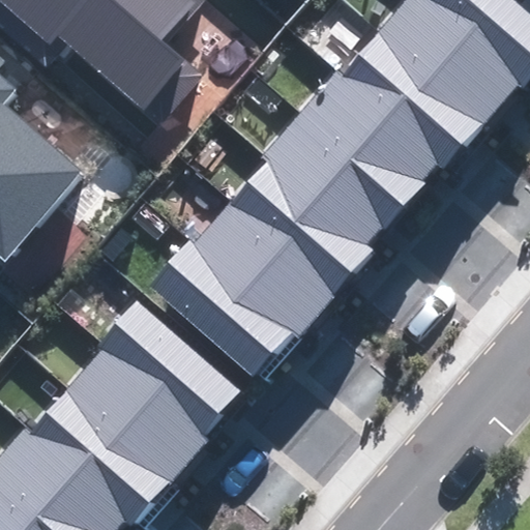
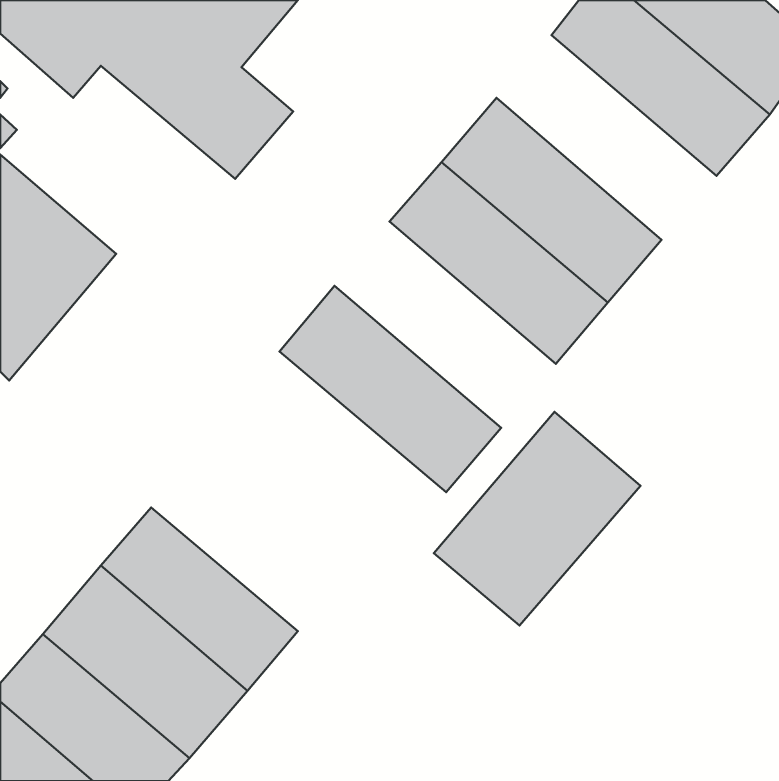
building: [337,24,487,163] -> none
building: [228,150,378,290] -> none
building: [148,238,303,383] -> none
building: none -> [434,412,641,626]
building: [104,299,241,428] -> none

